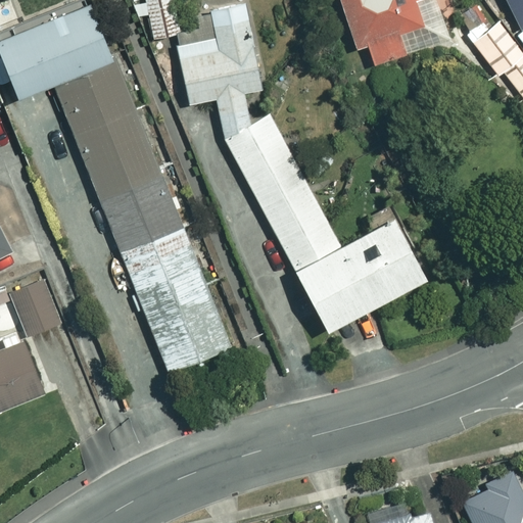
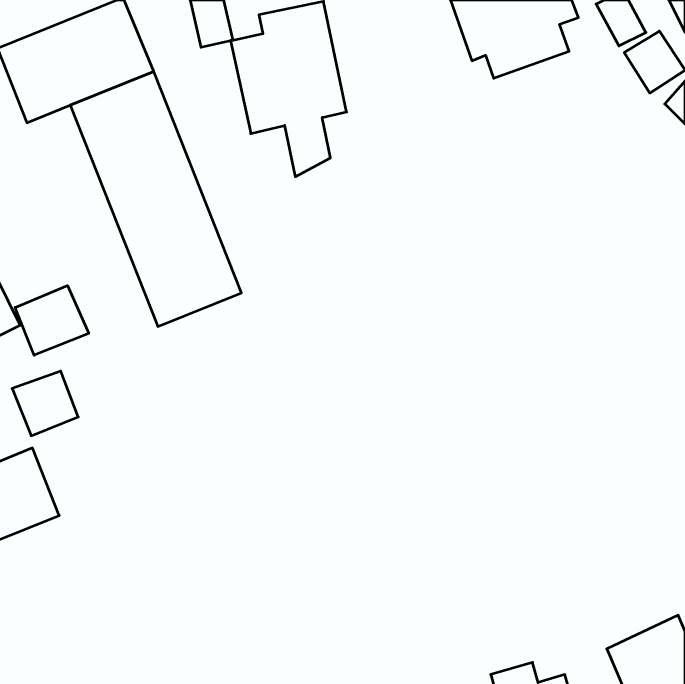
building: [224,113,430,331] -> none
building: none -> [15,286,89,355]
building: [120,226,232,373] -> none

